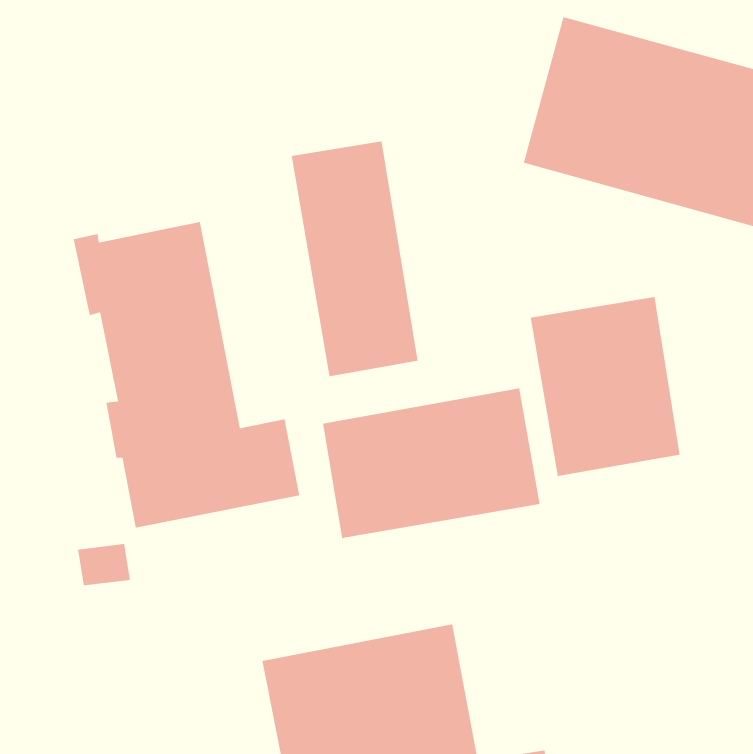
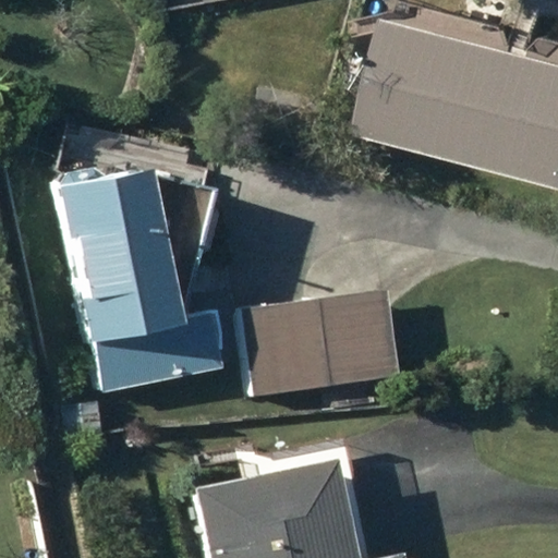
building: [291,141,419,377] -> none
building: [530,296,681,477] -> none

